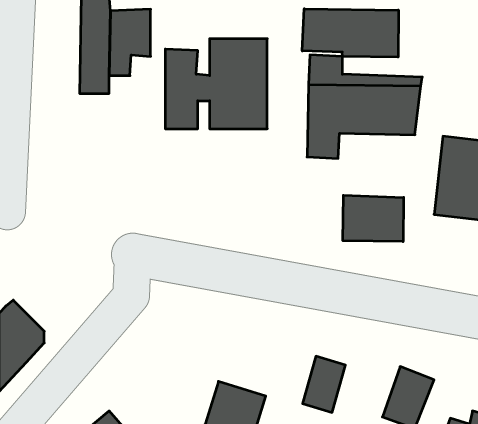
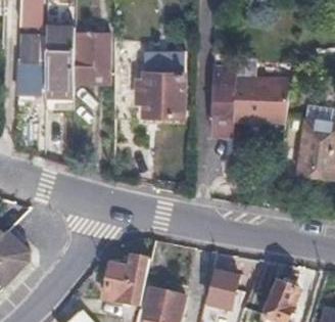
building: [302,9,398,57] -> none
building: none -> [19,32,43,91]
building: [343,195,404,242] -> none
building: none -> [104,255,150,306]

